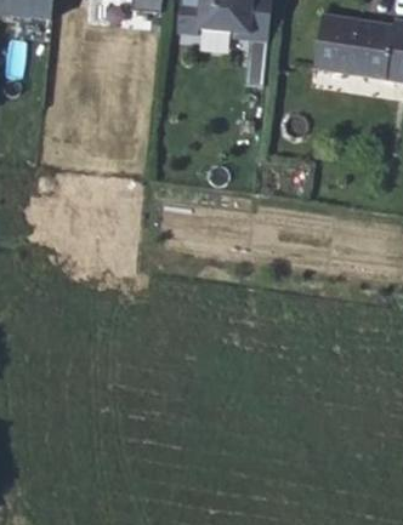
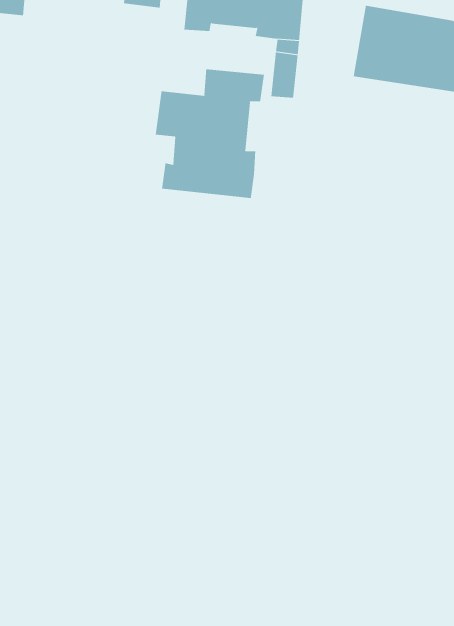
building: none -> [155,68,265,199]

